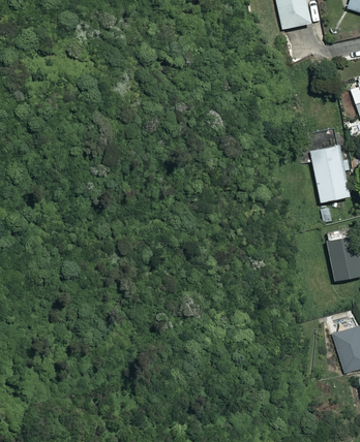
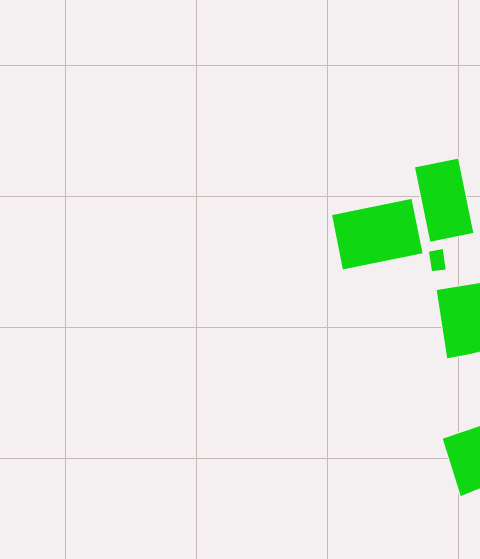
building: none -> [331,198,423,270]

